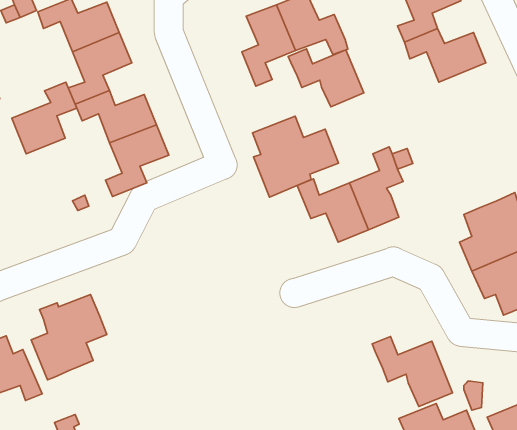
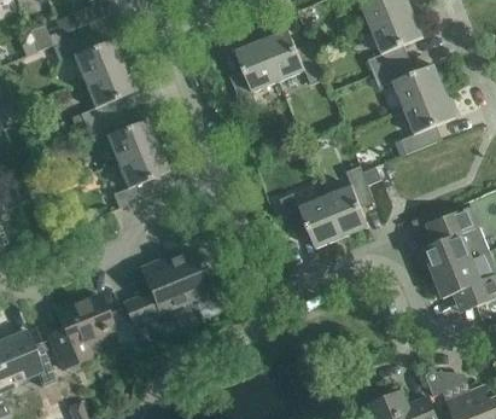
building: [288,49,364,107] -> none
building: none -> [399,91,455,153]
building: [12,82,77,154] -> none
building: [252,116,339,197] -> none
building: none -> [122,251,217,324]
building: [372,337,453,407] -> none

